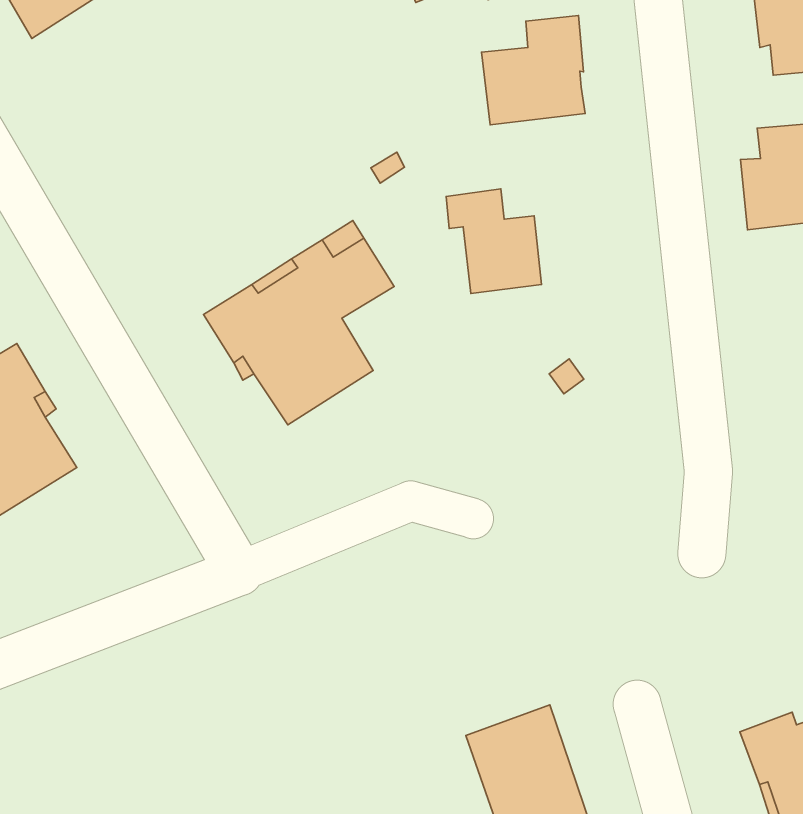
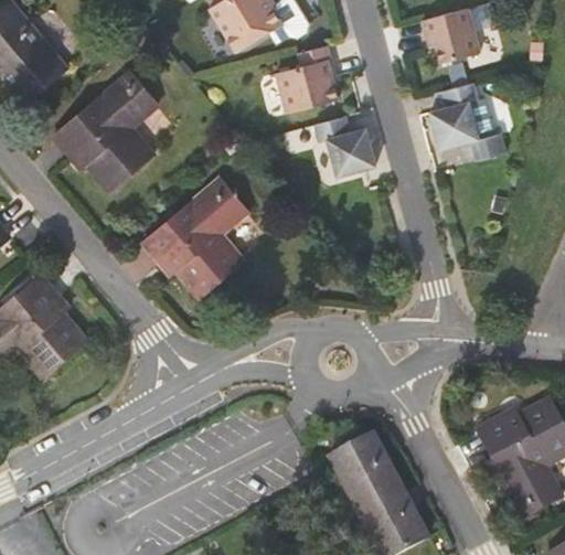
building: none -> [55,73,158,191]
building: [446,189,542,293] -> [315,115,375,175]

